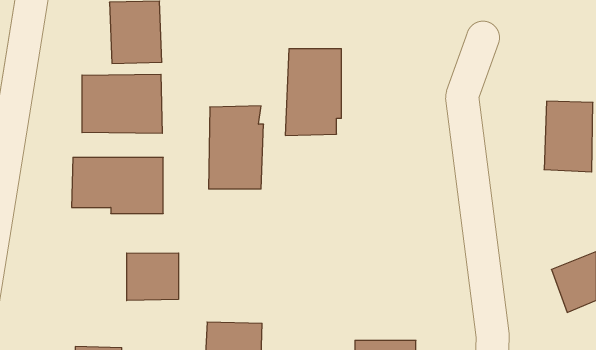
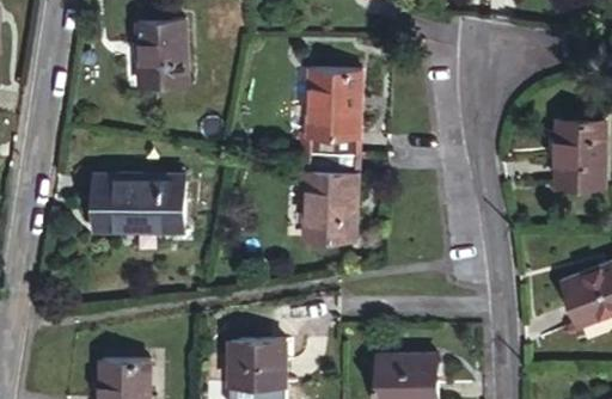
building: [82,74,162,133] -> none
building: [209,106,264,189] -> [305,153,359,234]
building: [127,253,178,301] -> none

